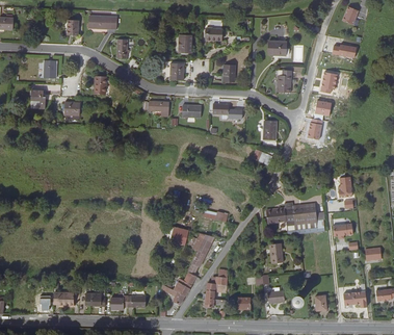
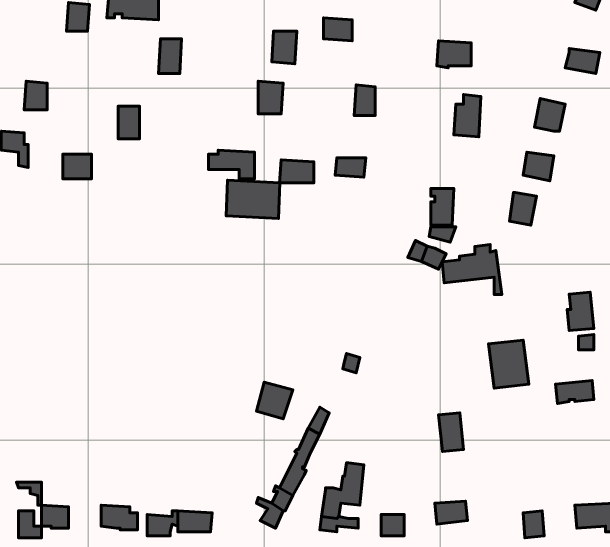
building: none -> [226,180,280,218]
building: [266,201,298,228] -> [442,245,502,295]

